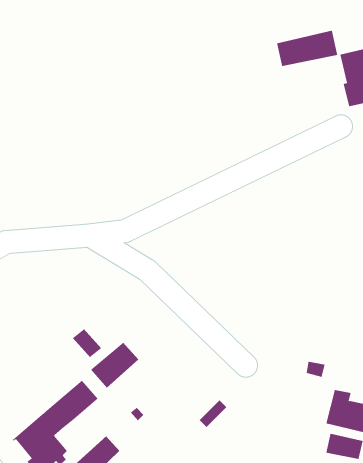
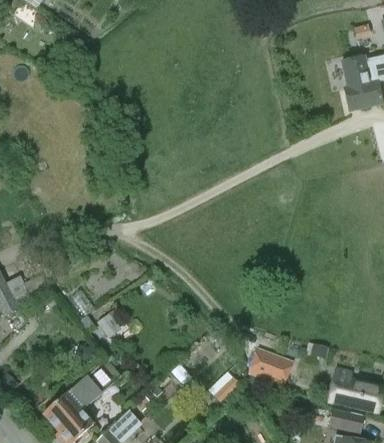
building: [276,30,338,67] -> none
building: [90,342,139,388] -> none
building: none -> [249,348,292,385]

